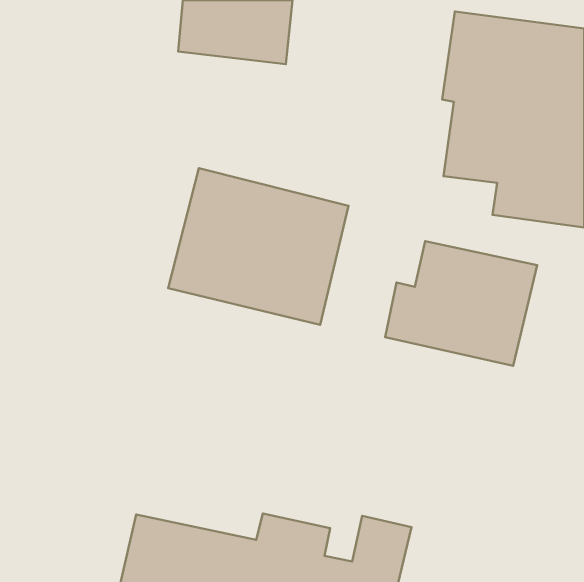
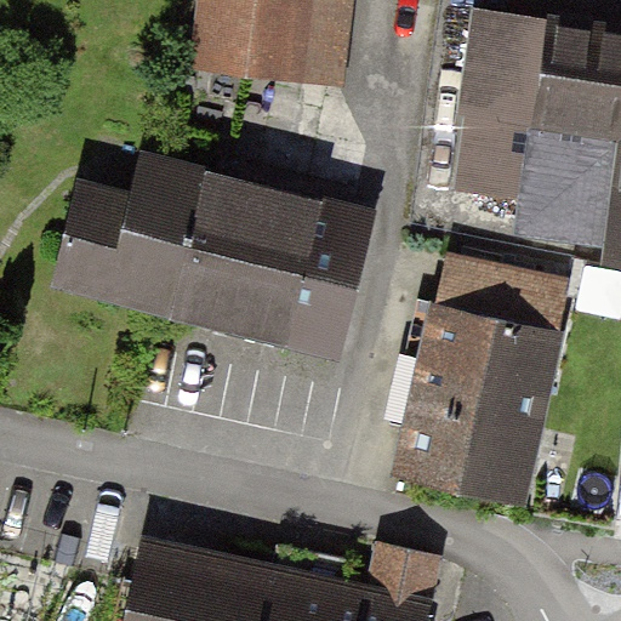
building: none -> [65,165,211,308]
building: none -> [394,360,545,495]

